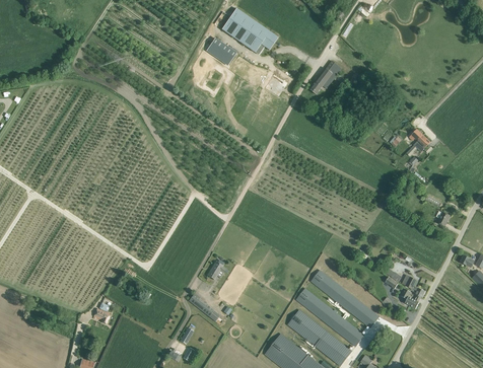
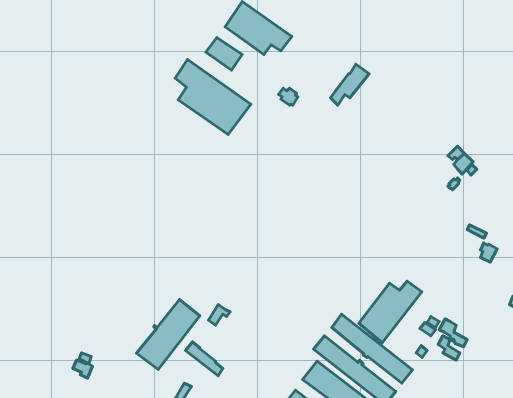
building: none -> [175,59,251,134]
building: none -> [359,281,422,343]
building: none -> [137,300,200,370]

